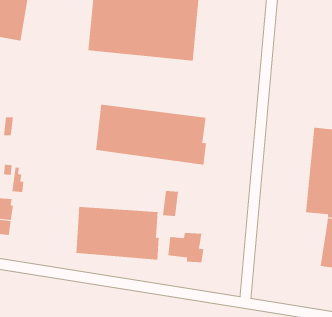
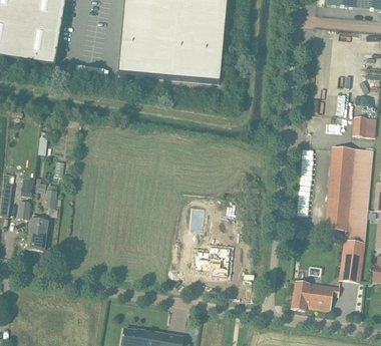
building: [95,104,207,165] -> none
building: [76,206,159,260] -> none
building: none -> [291,280,339,309]

